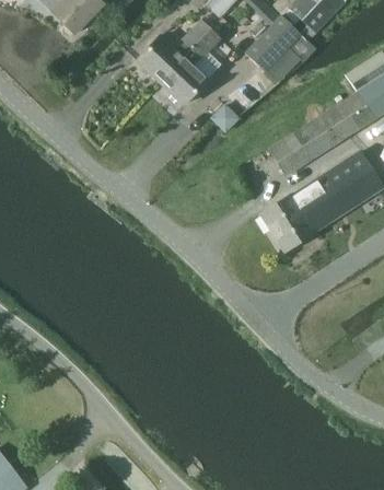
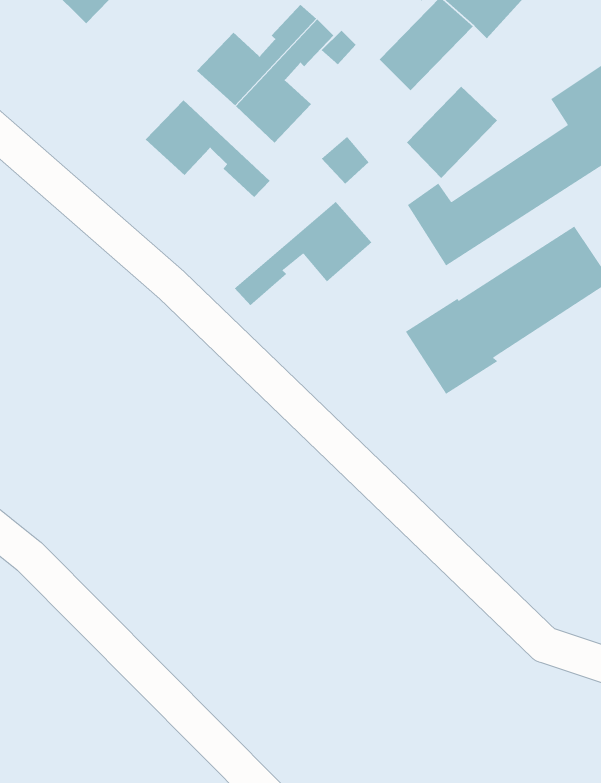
building: none -> [406,86,498,179]
building: none -> [145,99,271,198]
building: none -> [234,201,372,306]

